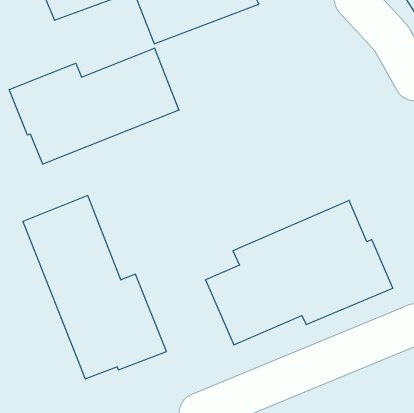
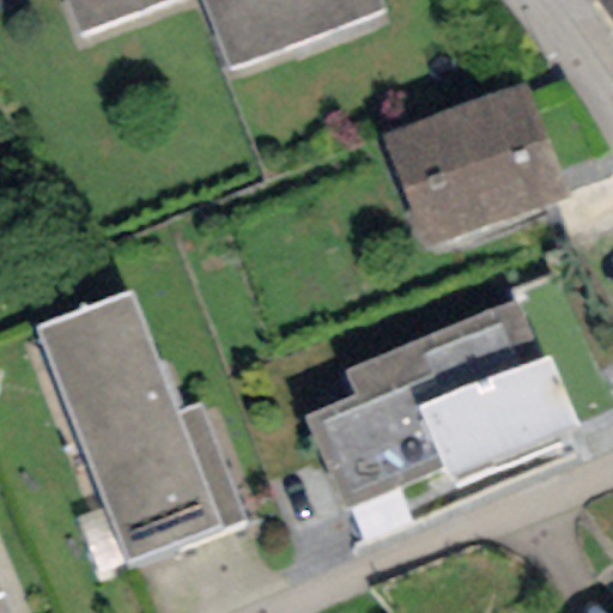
building: [9,48,179,164] -> none
building: none -> [383,83,565,247]

